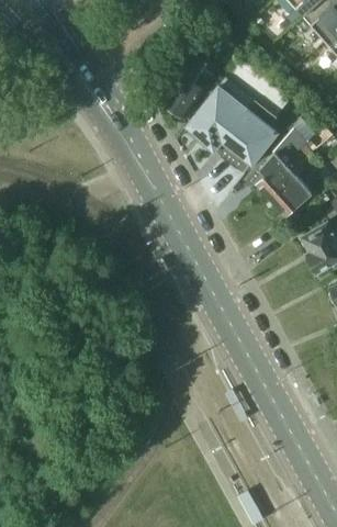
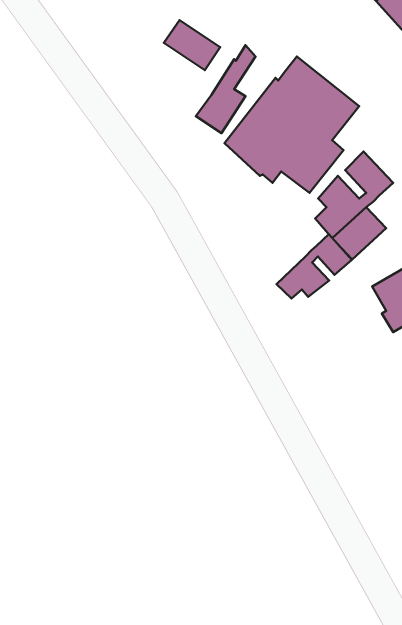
building: none -> [164,20,220,70]
building: none -> [276,234,352,299]

